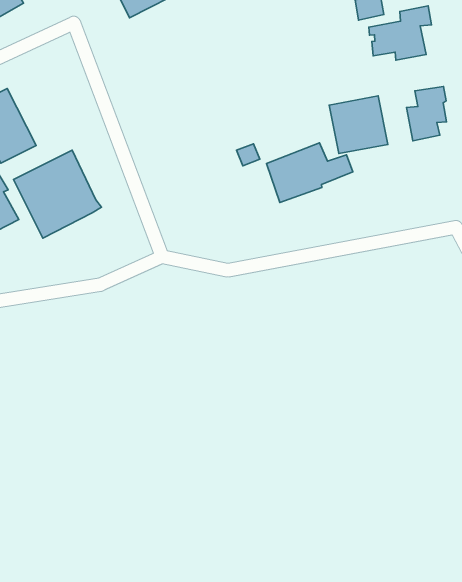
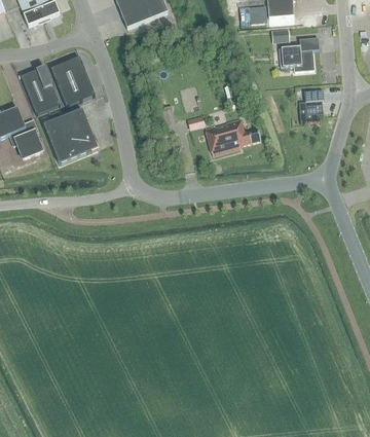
building: none -> [50,54,95,105]
building: [329,96,388,154] -> none

